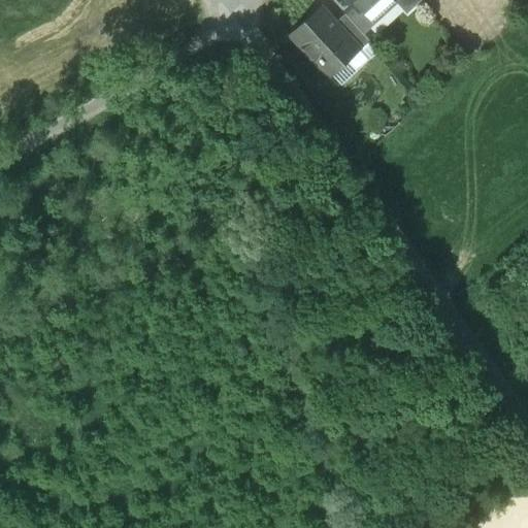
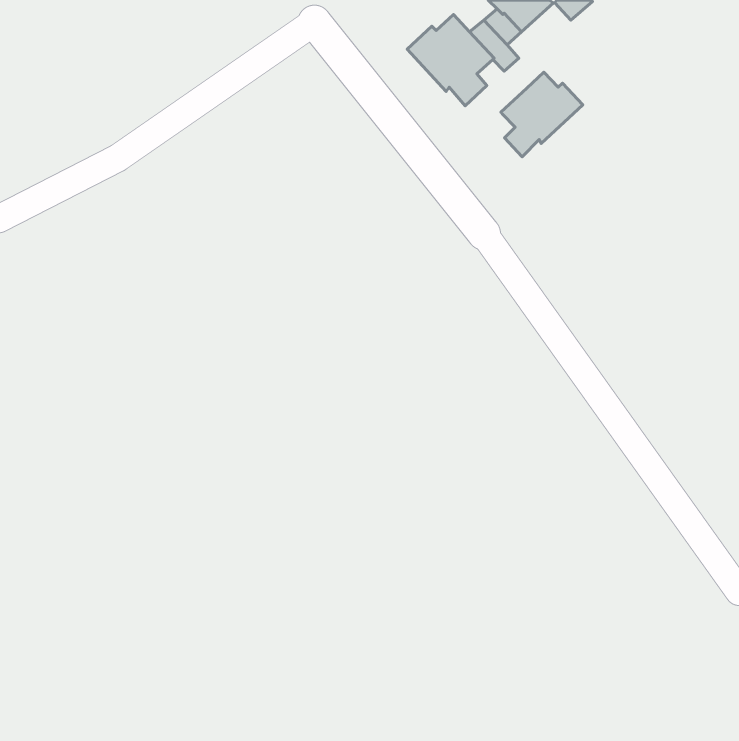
building: none -> [501,72,583,157]

